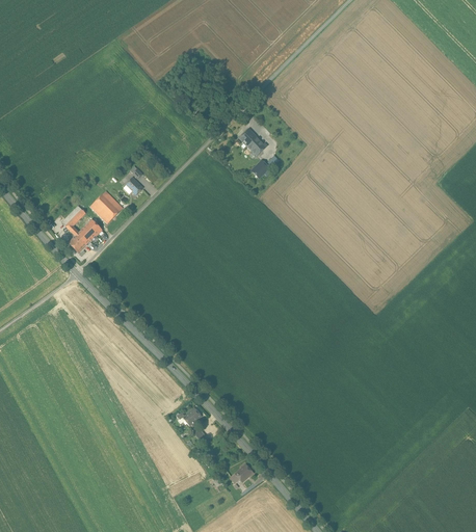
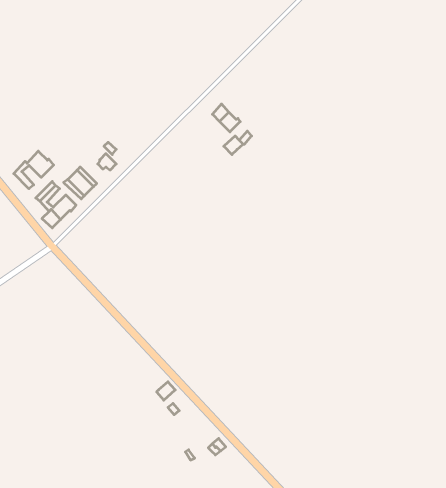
building: none -> [14,151,54,189]

